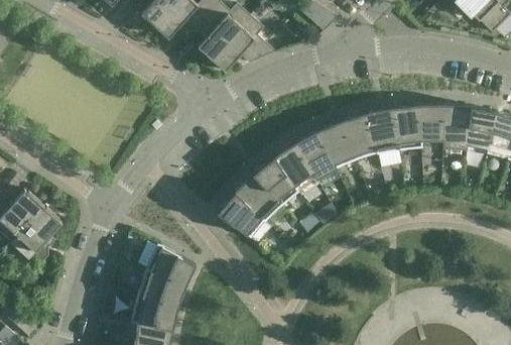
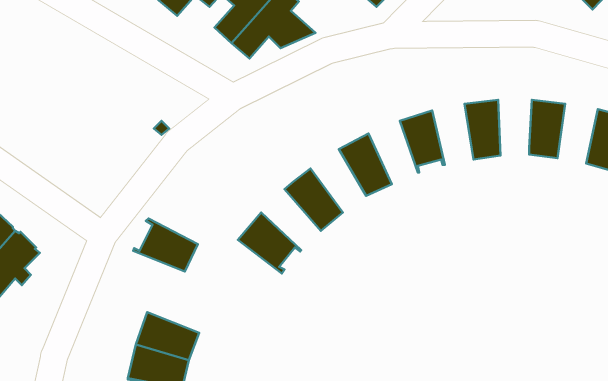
building: [418,104,444,147] -> none
building: [367,107,399,154] -> none
building: [465,107,496,153] -> none
building: [317,120,356,169] -> none
building: [272,142,312,192] -> none
building: [234,174,280,221] -> none
building: [145,244,196,285] -> [133,218,198,271]

